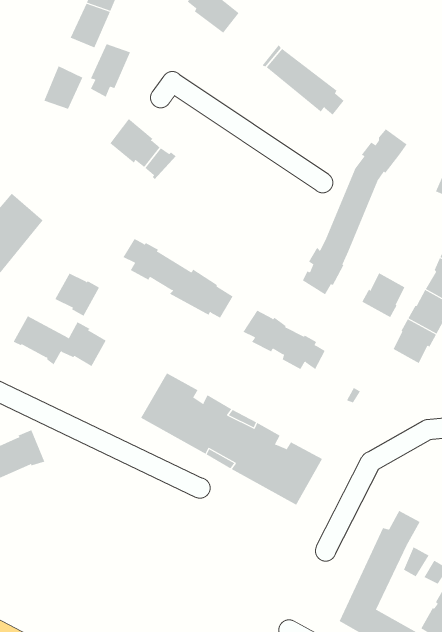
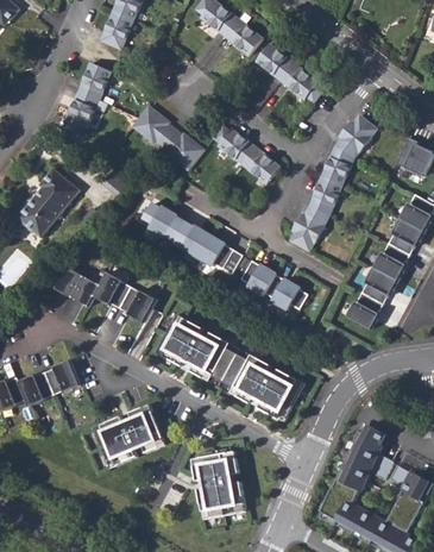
building: none -> [225,19,263,56]
building: [90,43,131,97] -> [65,90,99,134]
building: none -> [212,124,278,182]
building: none -> [169,136,202,169]
building: [361,272,405,318] -> [348,293,384,330]
building: [55,273,100,317] -> [118,286,155,321]
building: none -> [92,403,164,466]
building: none -> [190,450,245,518]

